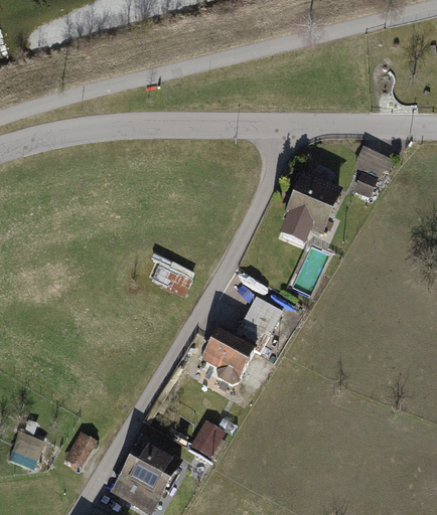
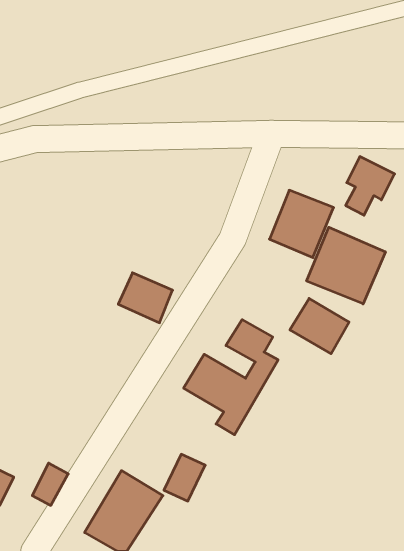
building: none -> [307,227,385,304]
building: none -> [290,298,349,354]

